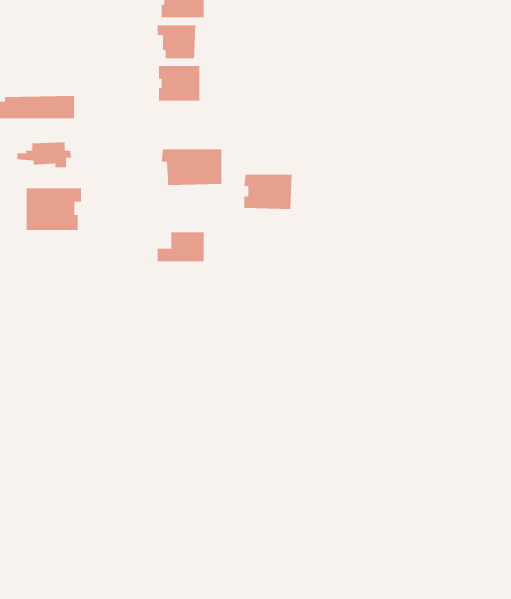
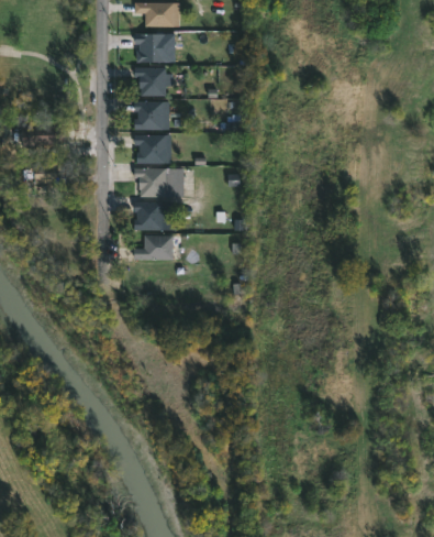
building: none -> [135,134,171,164]
building: [243,174,292,210] -> [134,202,174,231]
building: [26,188,81,231] -> none

